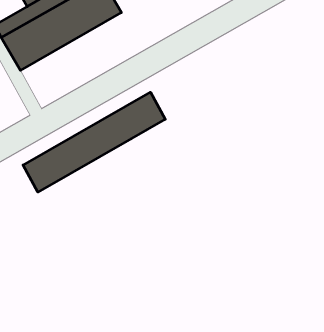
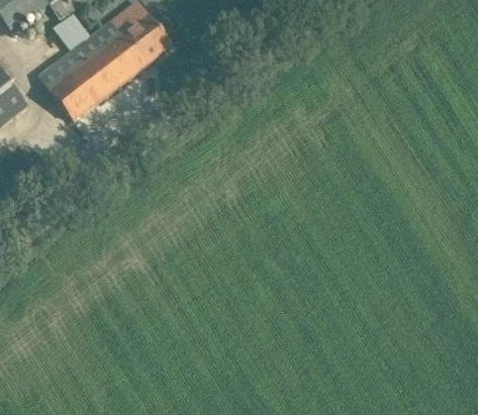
building: [23,92,165,192] -> none

